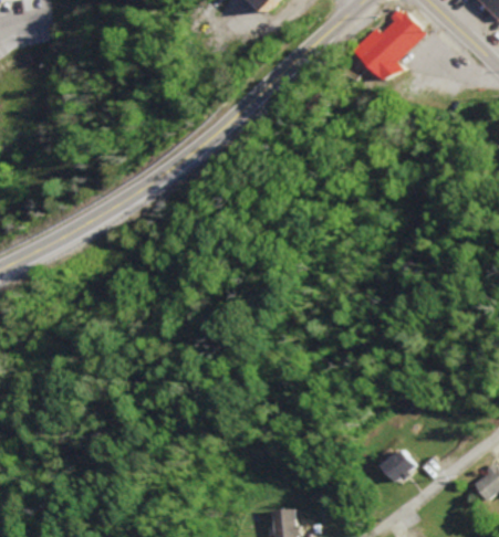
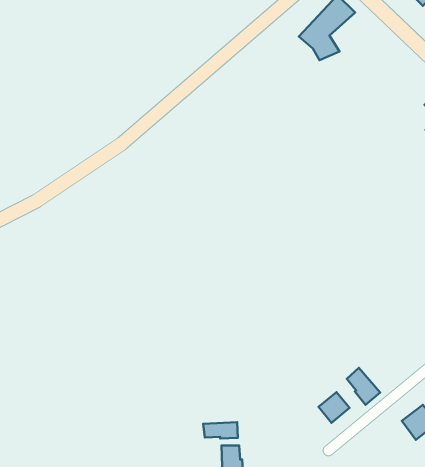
building: none -> [347,368,380,405]
building: none -> [203,422,238,438]

